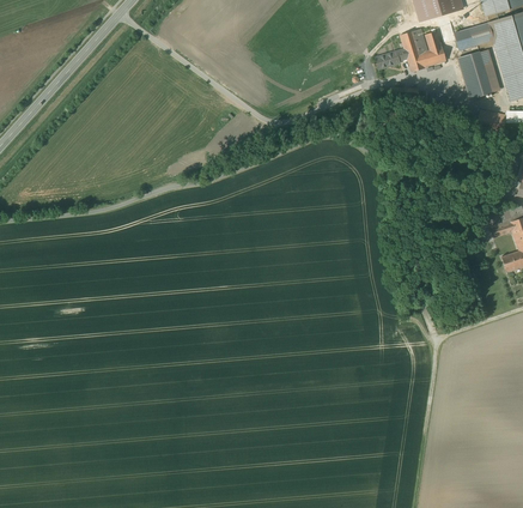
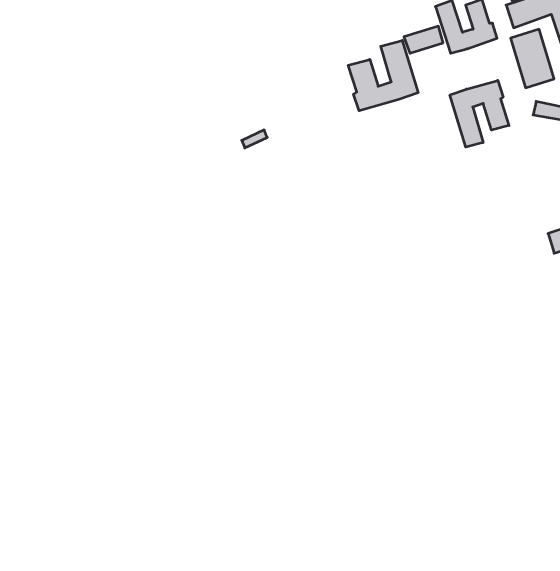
building: none -> [348,40,418,111]
building: none -> [450,80,509,147]

